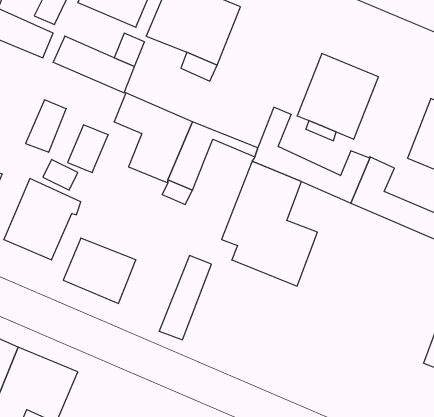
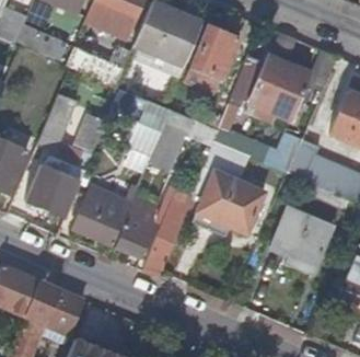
building: none -> [194,26,240,77]
building: none -> [117,193,156,256]
building: none -> [271,210,332,267]

